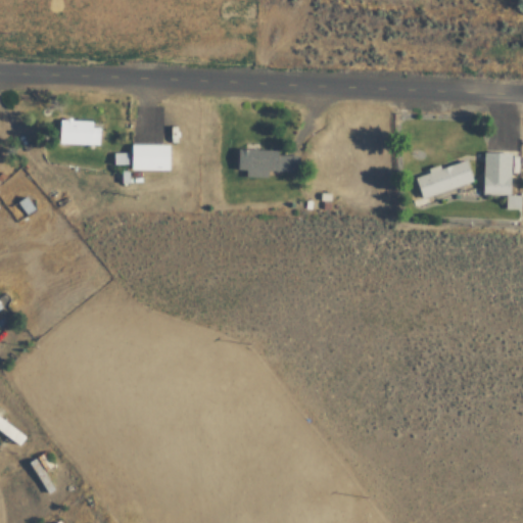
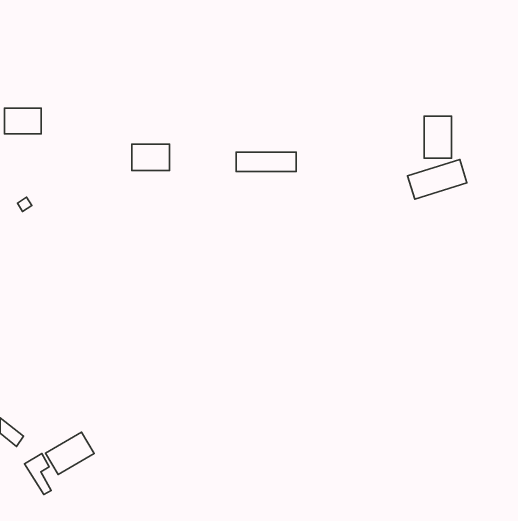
building: [66,120,103,145] -> [4,108,41,134]
building: [482,153,510,195] -> [424,116,452,158]
building: none -> [45,432,94,475]

